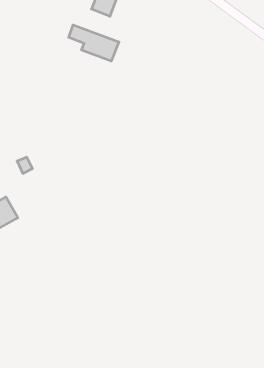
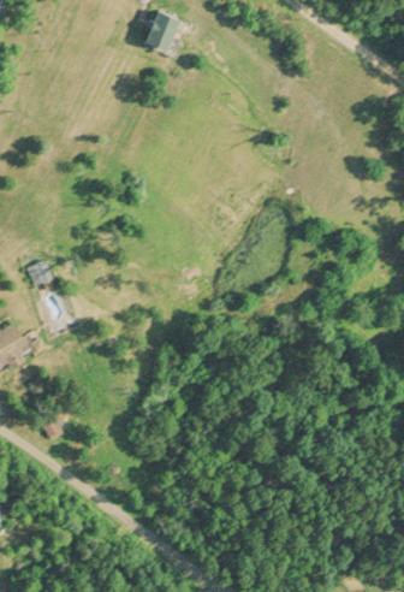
building: [69,25,119,61] -> none

